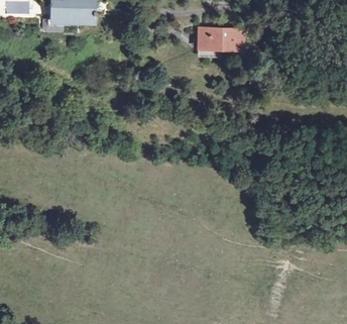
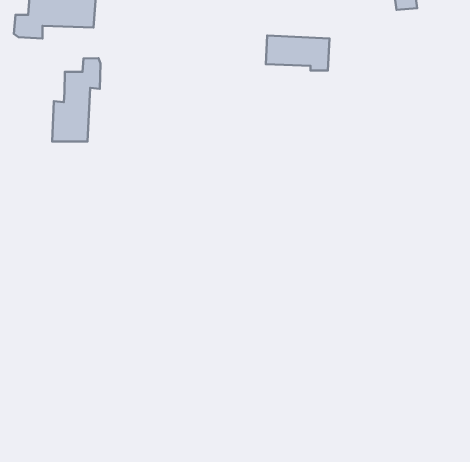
building: none -> [52,58,101,142]

